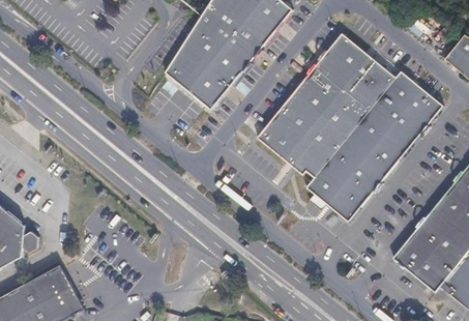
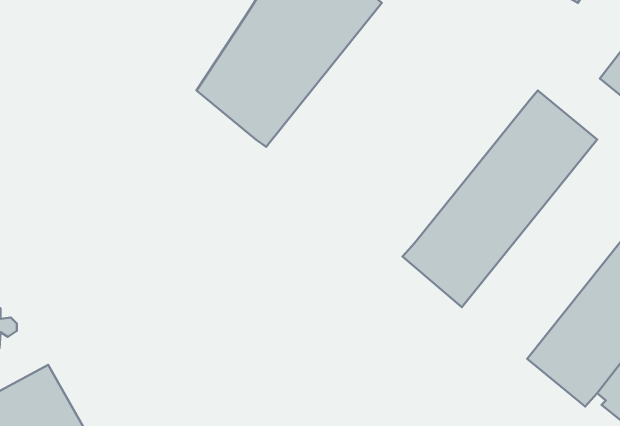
building: [258,34,395,178] -> none

